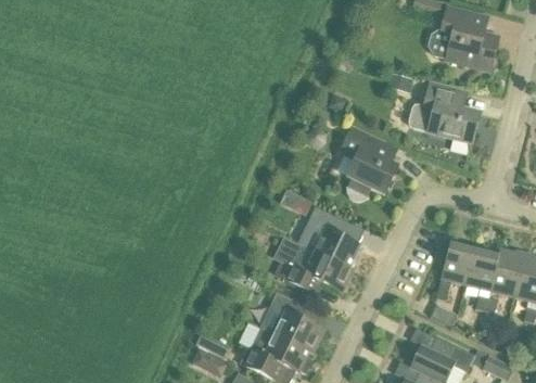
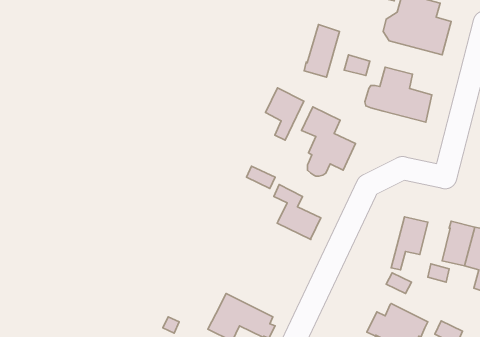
building: none -> [304,24,339,77]
building: none -> [265,88,304,140]
building: [275,241,354,291] -> none
building: [465,248,498,290] -> none
building: [261,291,324,352] -> none

